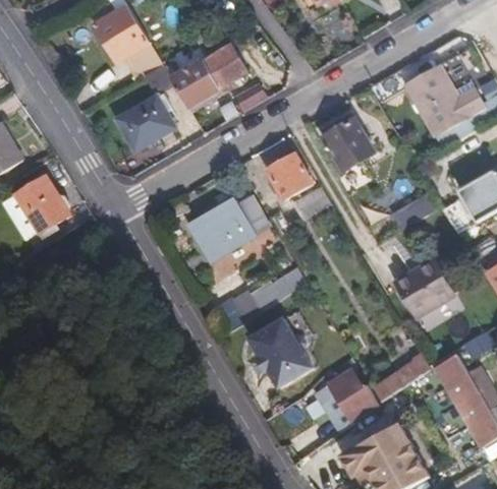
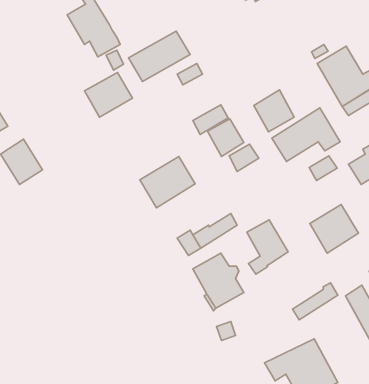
building: none -> [272,108,340,161]
building: [326,364,377,431] -> [247,220,288,274]

